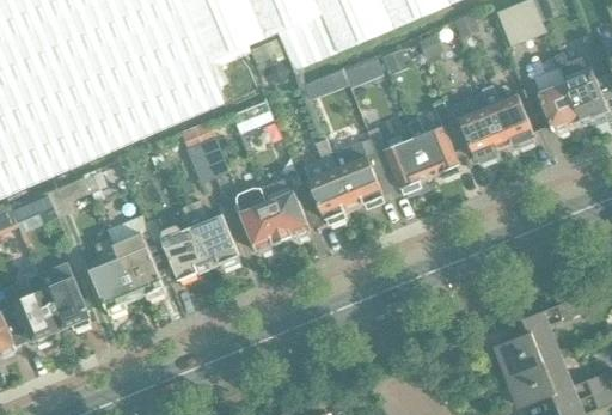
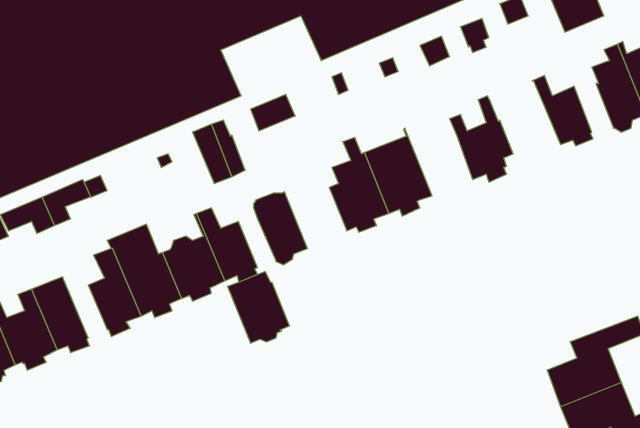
building: [445,90,507,163] -> none
building: [369,128,429,195] -> none
building: [263,175,318,238] -> [227,272,290,343]

